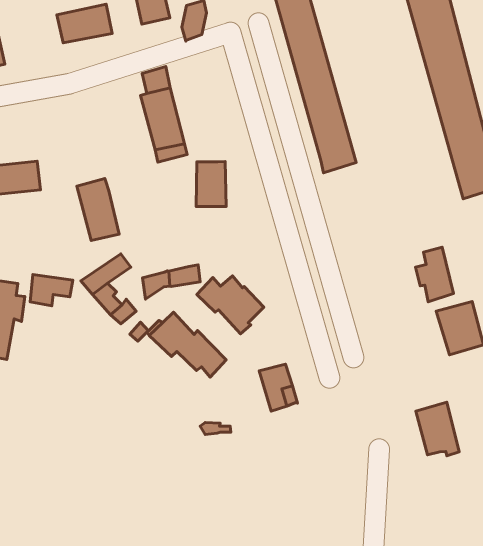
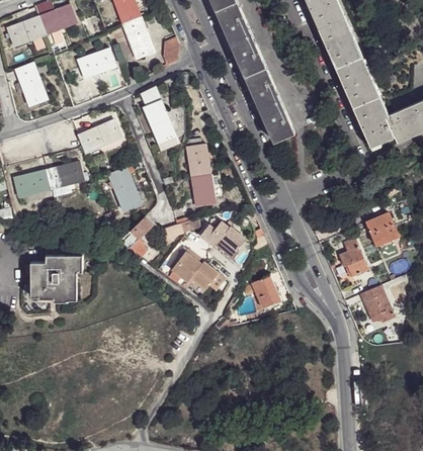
building: none -> [77,120,120,154]
building: none -> [190,174,215,206]
building: [415,247,453,302] -> [338,239,366,277]
building: [30,274,73,306] -> none

